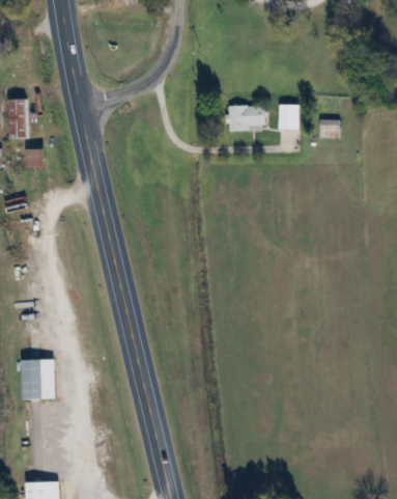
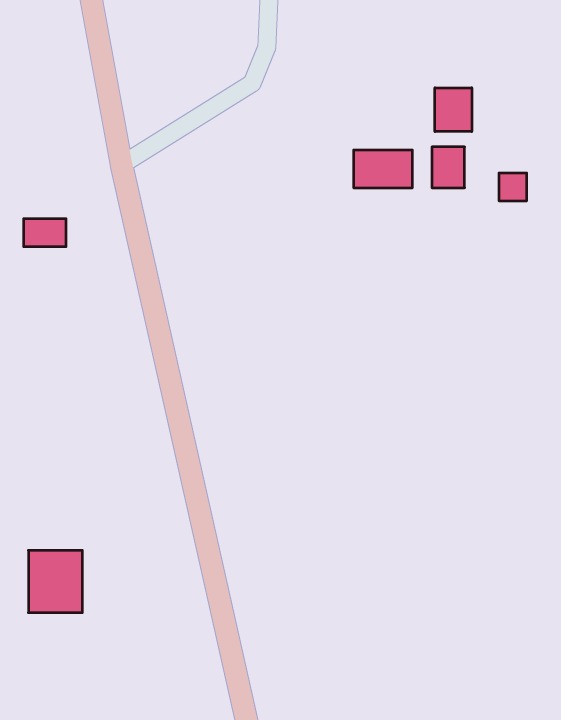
building: none -> [435,88,472,132]
building: [8,100,28,139] -> none

